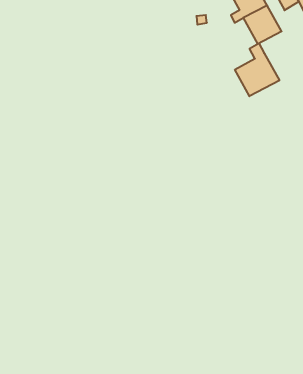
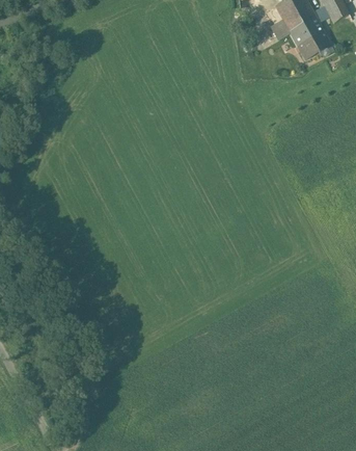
building: [235,43,279,96] -> none

